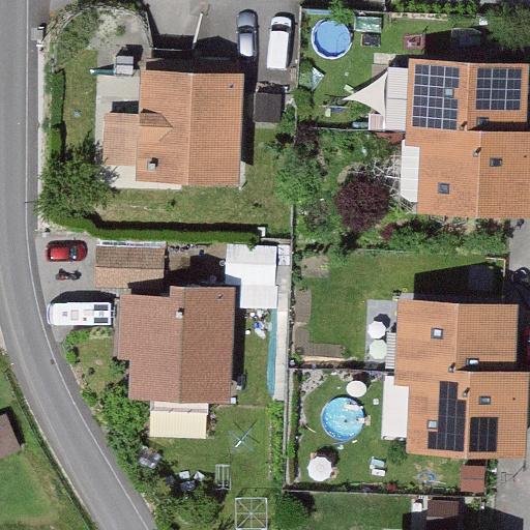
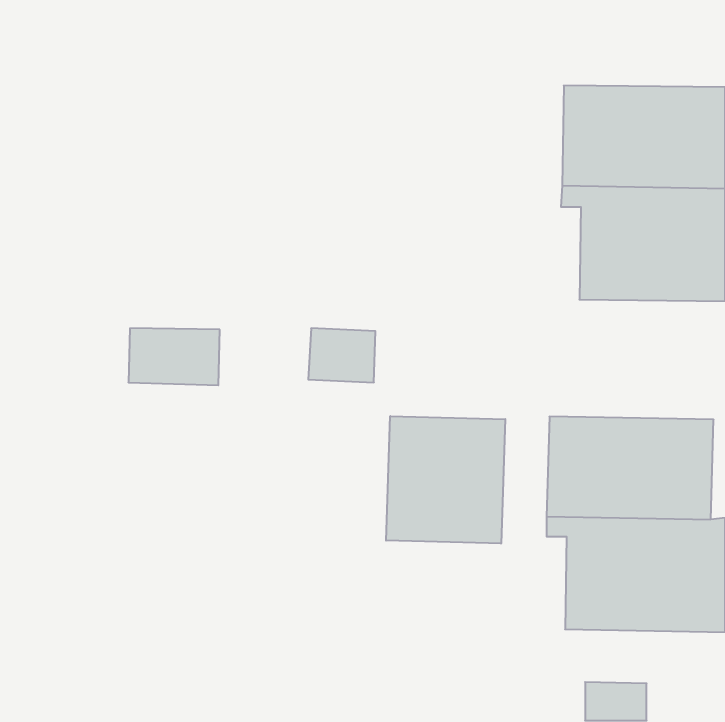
building: [101,69,240,180] -> none
building: [117,286,234,407] -> none
building: none -> [386,416,505,544]

